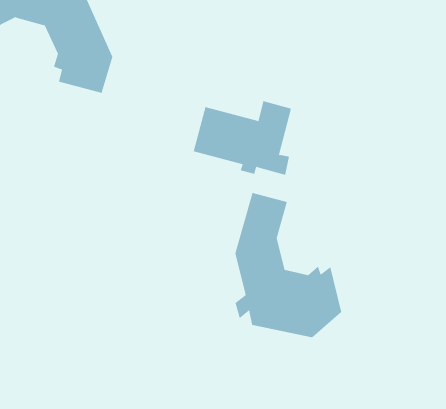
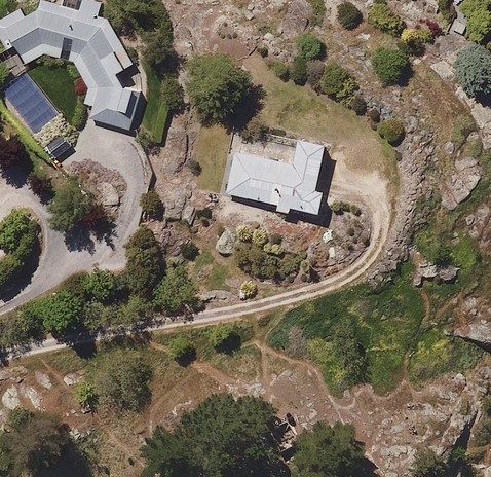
building: [235,192,342,338] -> none

